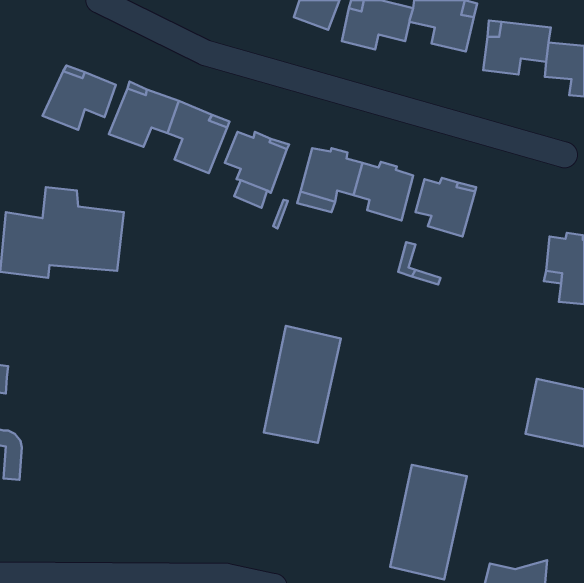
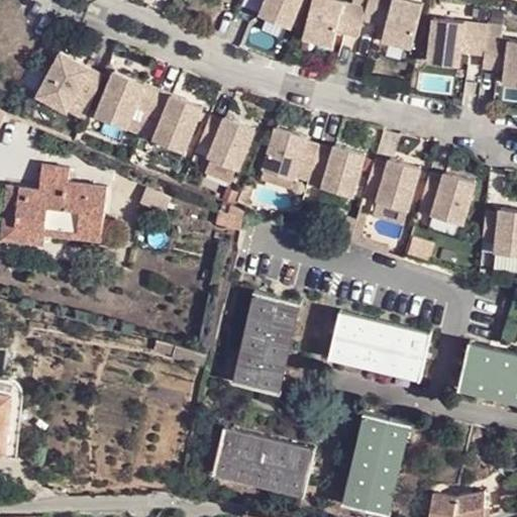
building: none -> [421,173,474,224]
building: none -> [328,308,432,377]
building: none -> [213,428,314,495]

